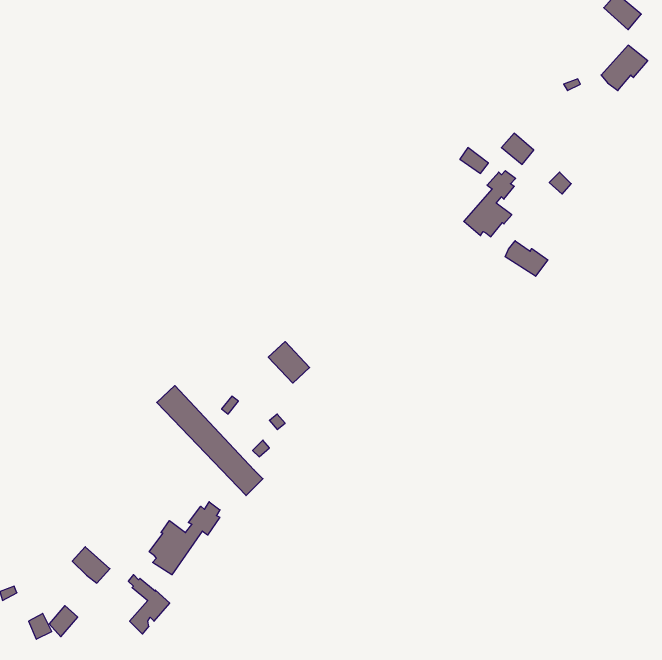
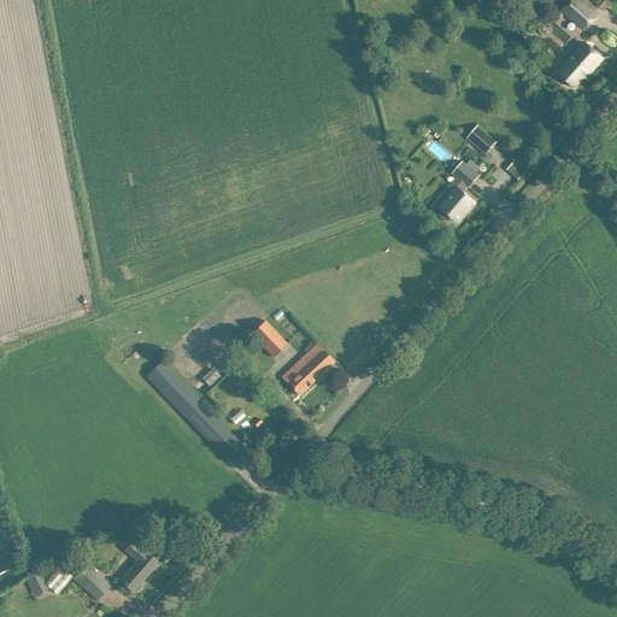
building: [505,241,548,276] -> none
building: none -> [281,342,334,394]
building: [149,502,220,575] -> none
building: [72,547,110,583] -> [75,564,110,598]

